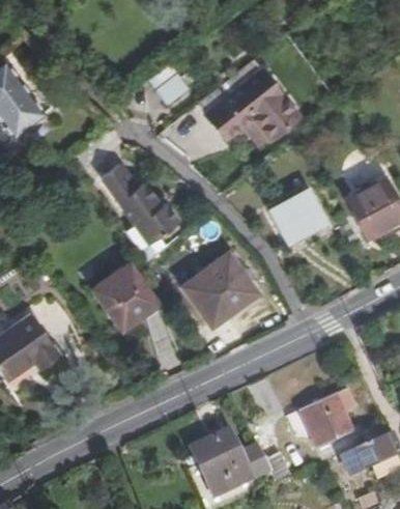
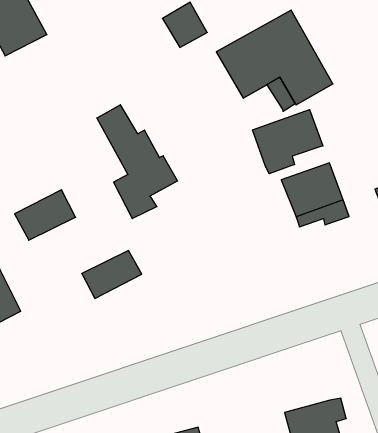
building: none -> [253,110,323,174]
building: [182,255,256,327] -> none
building: [92,266,145,314] -> [15,190,76,240]

